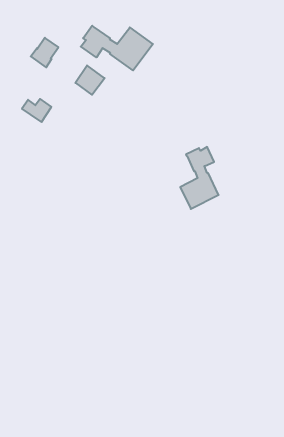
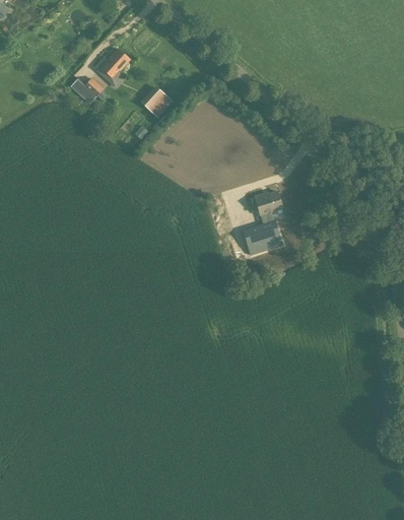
building: [81,26,153,70] -> none
building: [22,99,51,122] -> [70,77,103,104]

